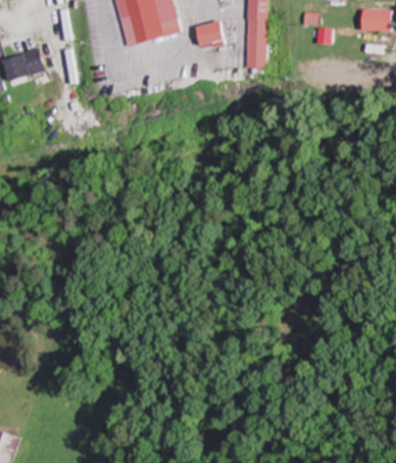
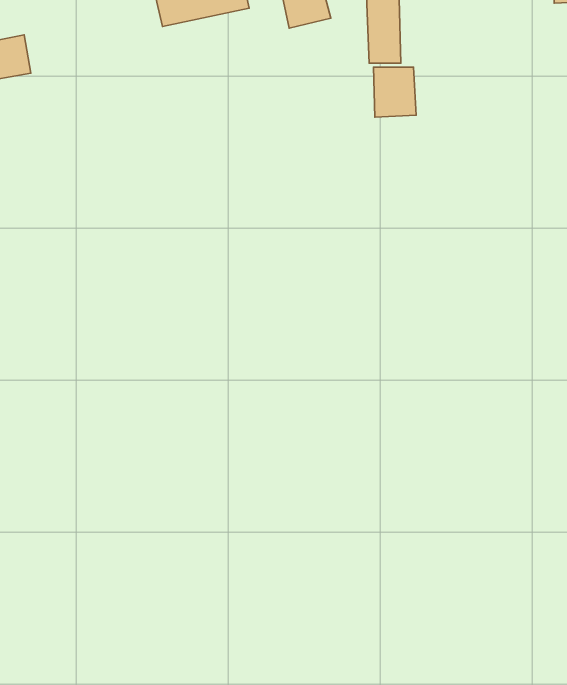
building: none -> [374,67,416,117]

